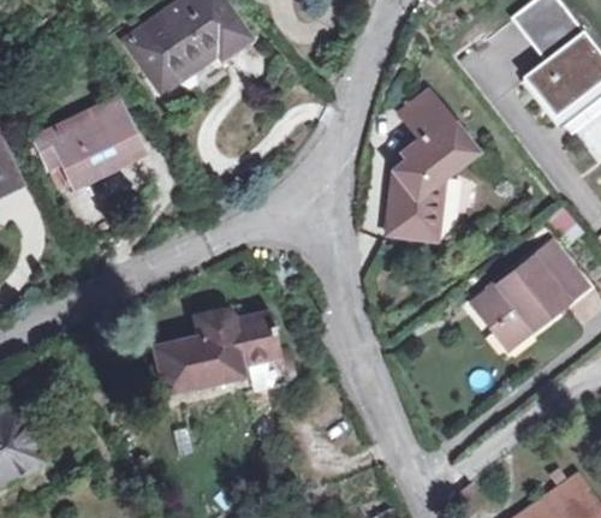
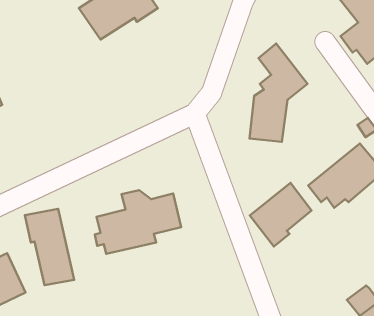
building: [32,96,143,184] -> none
building: none -> [250,183,312,246]
building: none -> [25,209,74,285]

